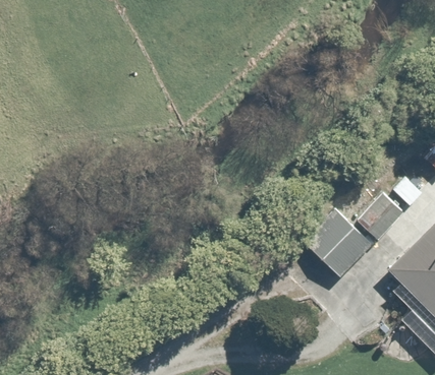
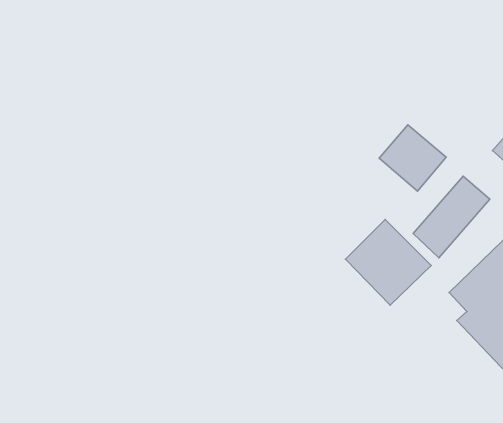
building: none -> [379,125,446,191]

